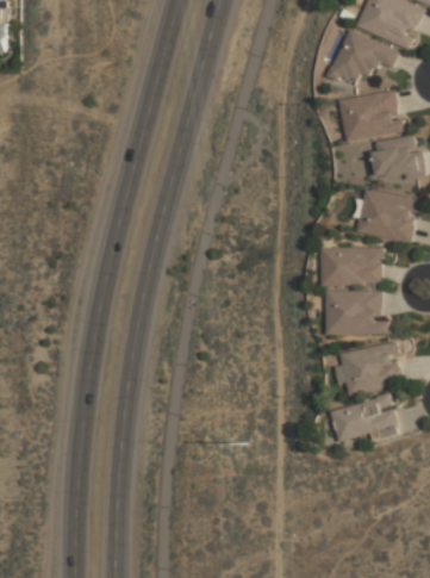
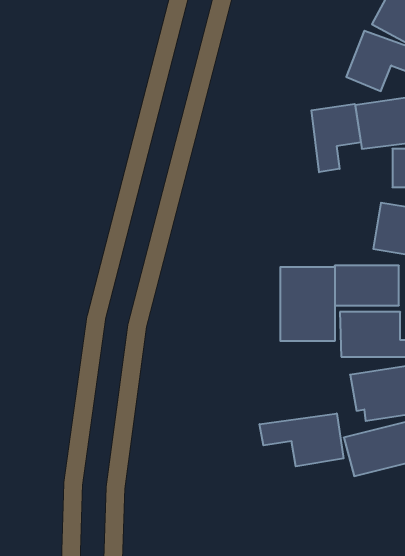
building: none -> [311,104,361,172]
building: none -> [280,267,335,341]
building: none -> [260,413,344,466]

